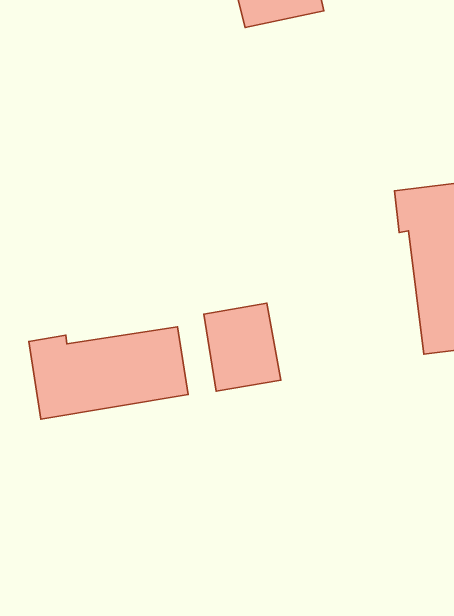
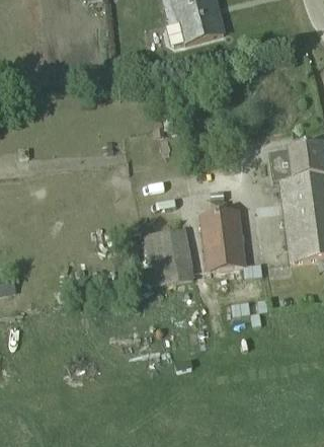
building: none -> [200,207,246,268]
building: [29,327,188,419] -> none

